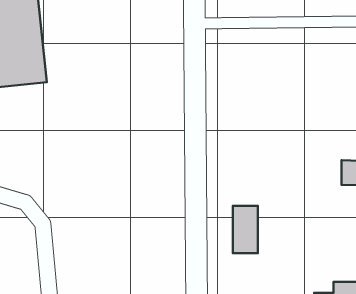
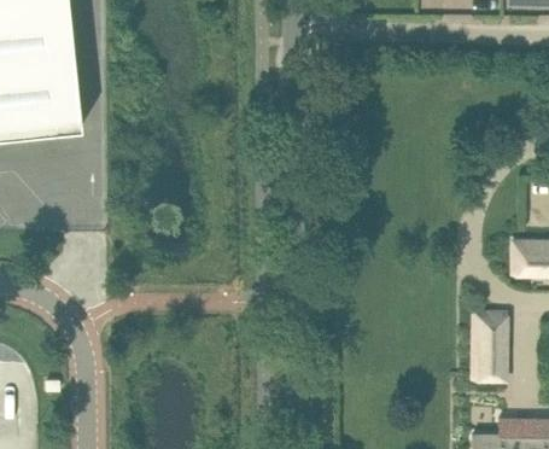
building: [233,206,258,253] -> [469,310,506,379]

